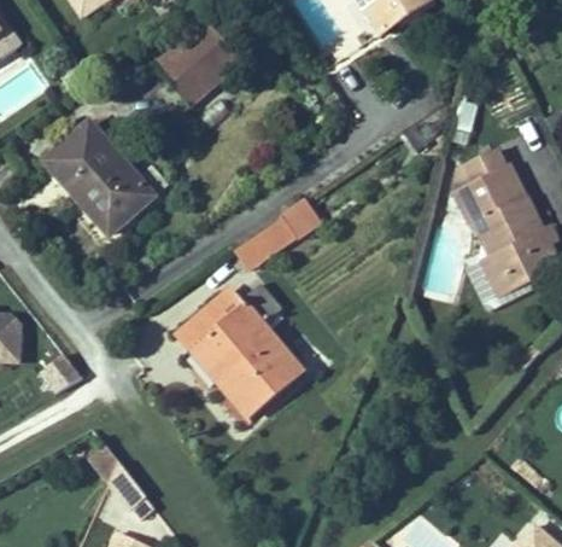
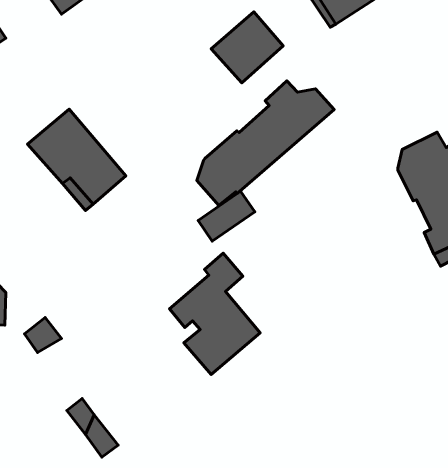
building: [159,23,239,101] -> [211,12,283,83]
building: none -> [197,81,334,206]
building: [180,290,246,382] -> none

